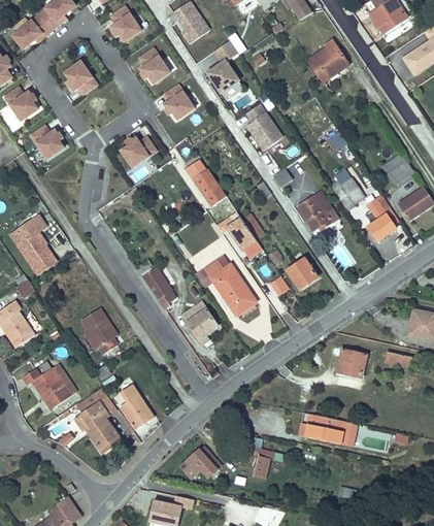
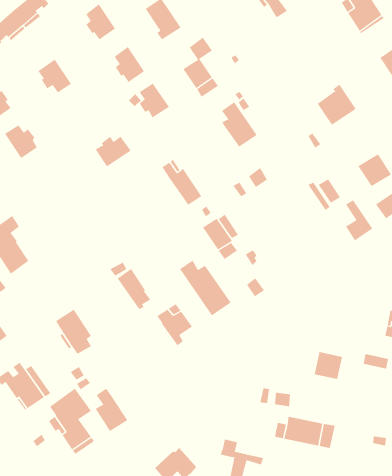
building: [308,40,347,81] -> [317,84,356,126]
building: [298,191,339,231] -> none
building: [287,258,318,289] -> none

